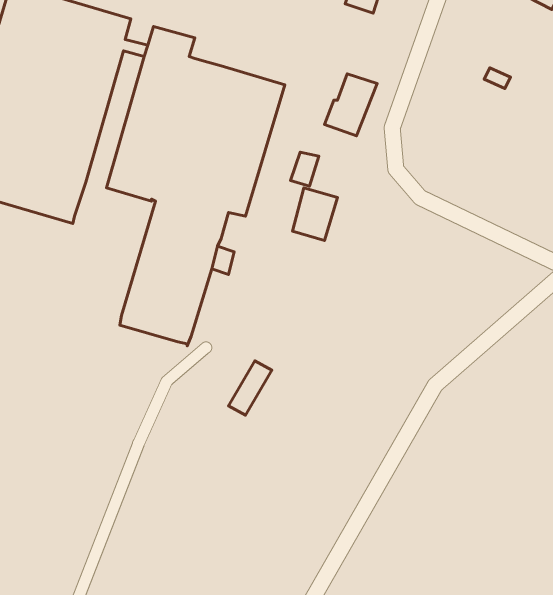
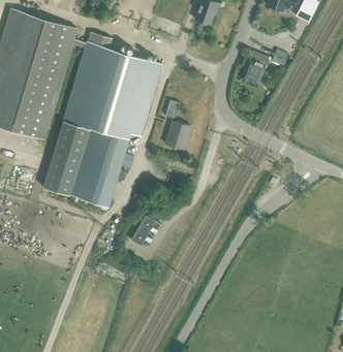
building: [325,74,377,136] -> [240,52,269,86]
building: none -> [43,121,90,196]

